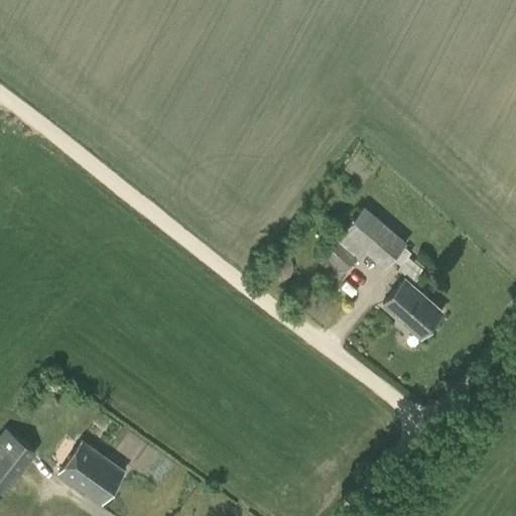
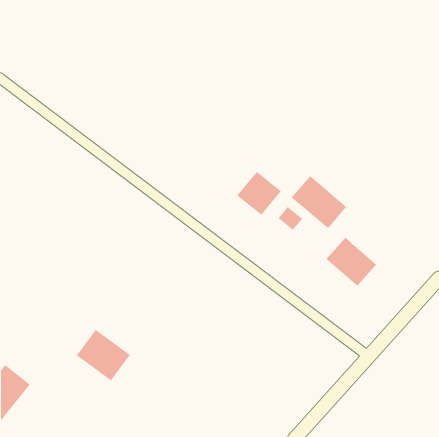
building: none -> [236,171,282,216]
building: [59,442,124,504] -> [76,329,131,381]

